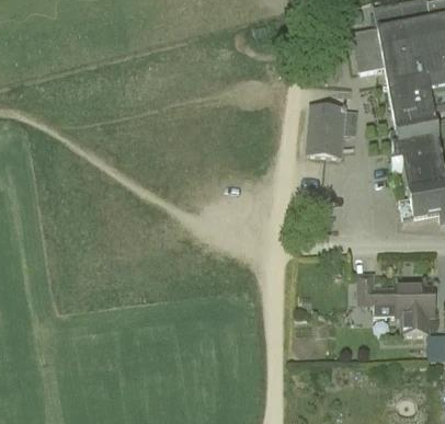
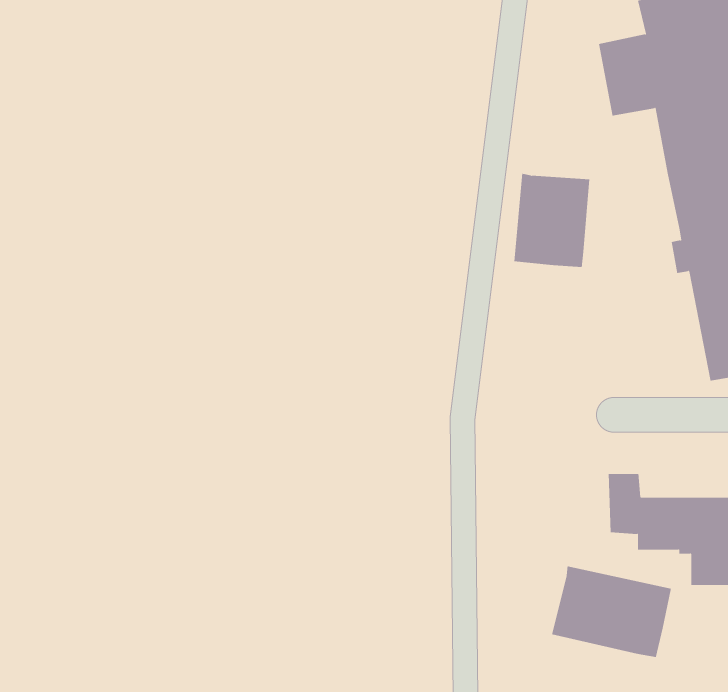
building: none -> [552,565,672,658]

